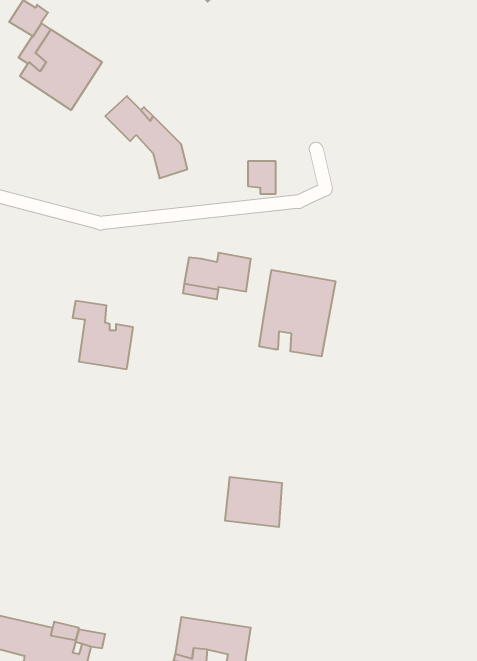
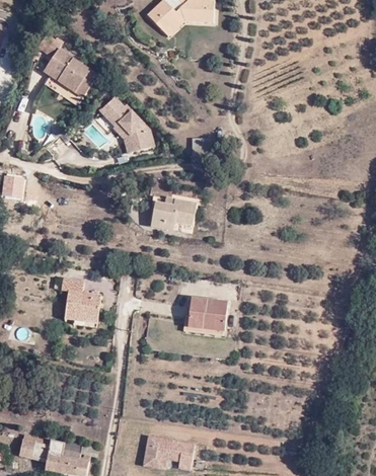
building: [259,270,335,356] -> none
building: [73,301,133,369] -> [61,279,100,323]
building: [225,477,282,527] -> [190,298,227,330]

